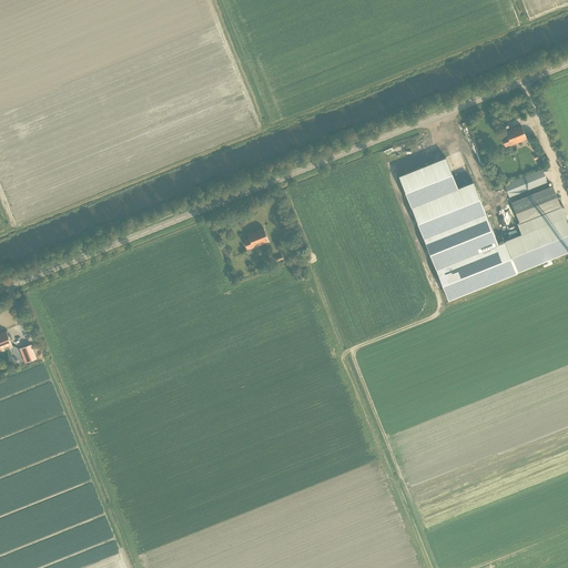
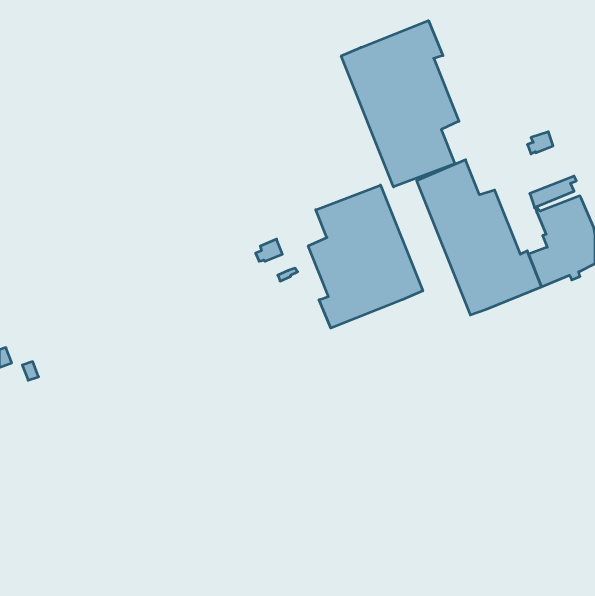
building: none -> [341,21,459,187]
building: none -> [308,185,423,328]

